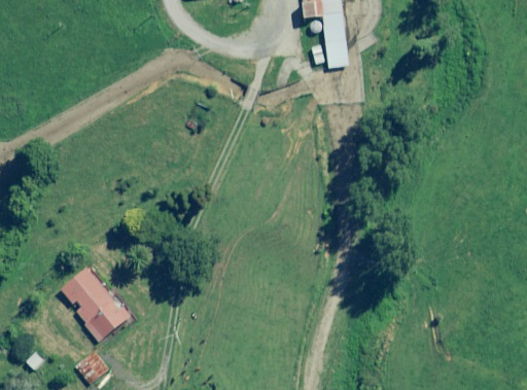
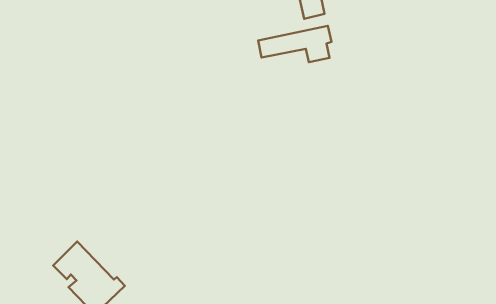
building: none -> [258,26,331,62]

